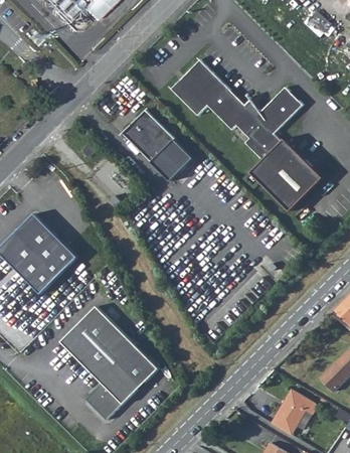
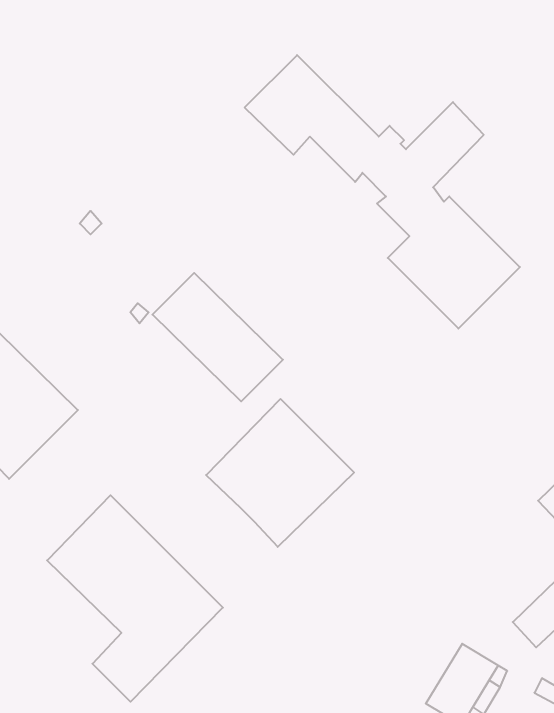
building: [123,110,195,181] -> [152,273,283,401]
building: none -> [206,399,354,547]

